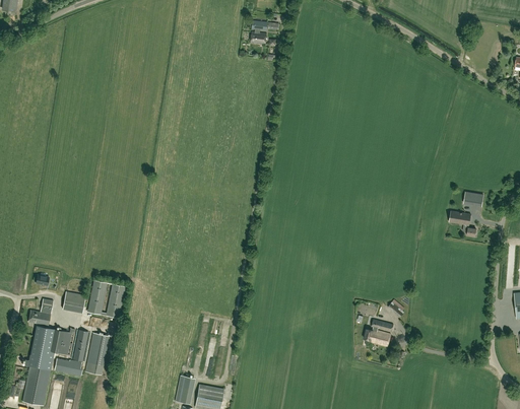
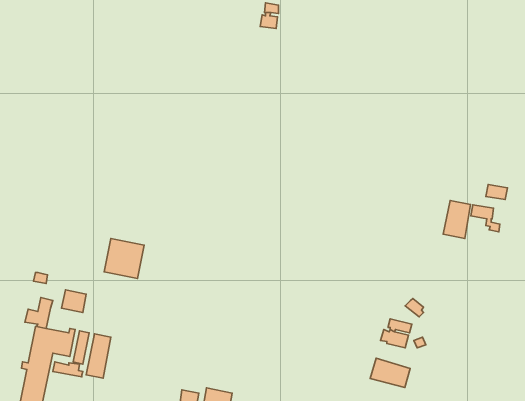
building: none -> [443,201,470,238]
building: [87,280,125,318] -> [104,239,144,278]
building: none -> [370,358,410,387]

